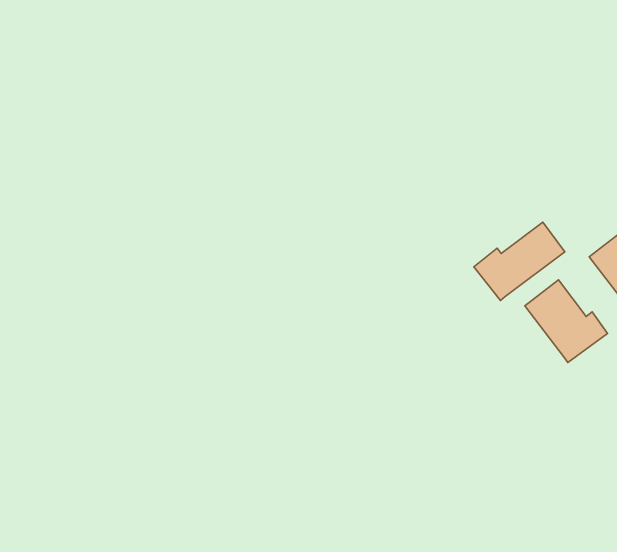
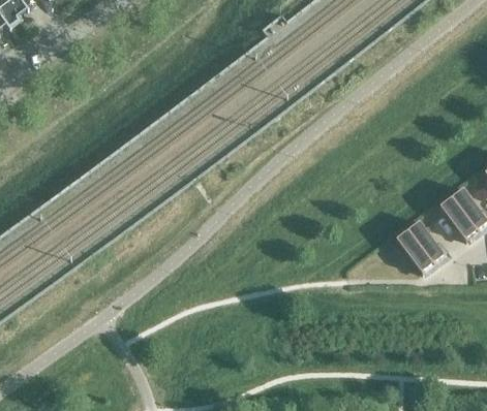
building: [474,222,565,301] -> none

